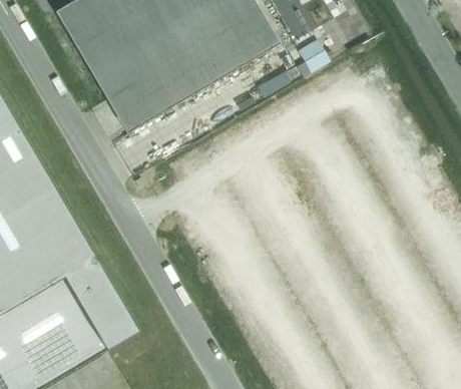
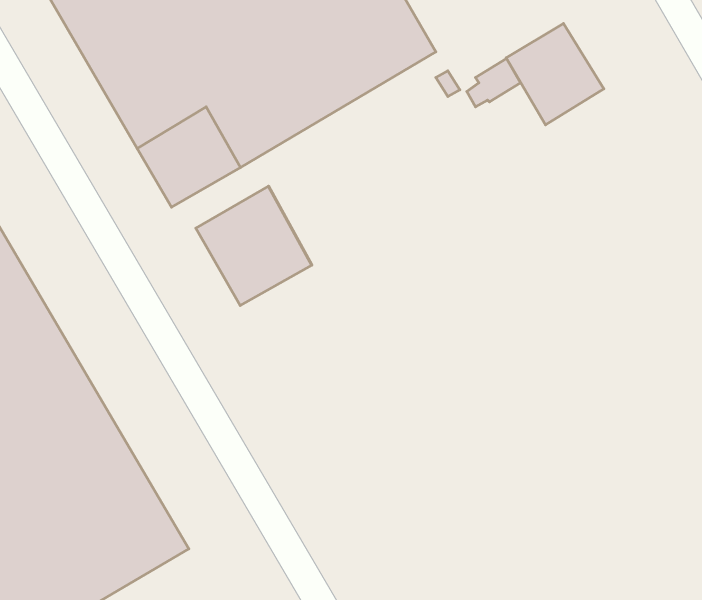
building: none -> [506,23,604,125]
building: none -> [196,186,312,305]

